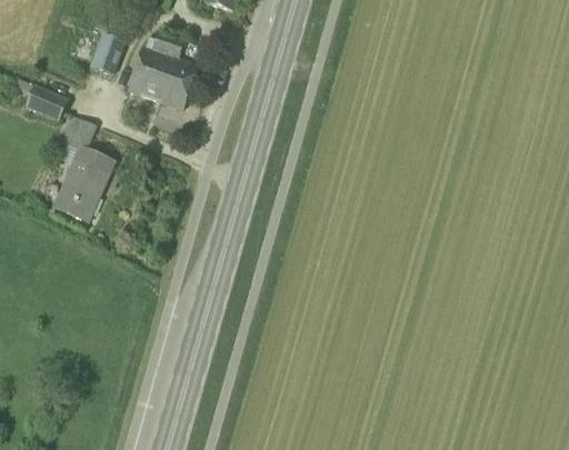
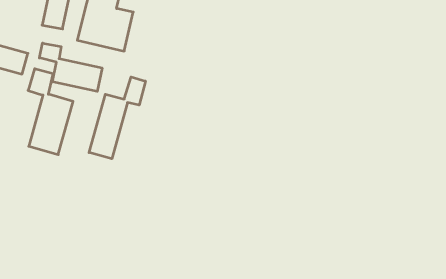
building: none -> [39,43,102,91]
building: none -> [89,77,145,159]

